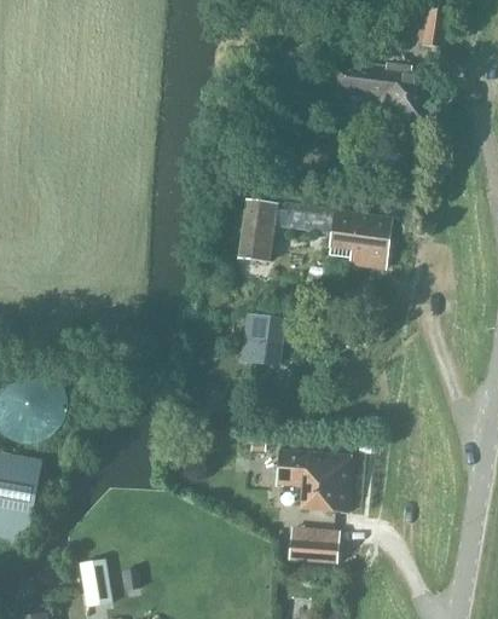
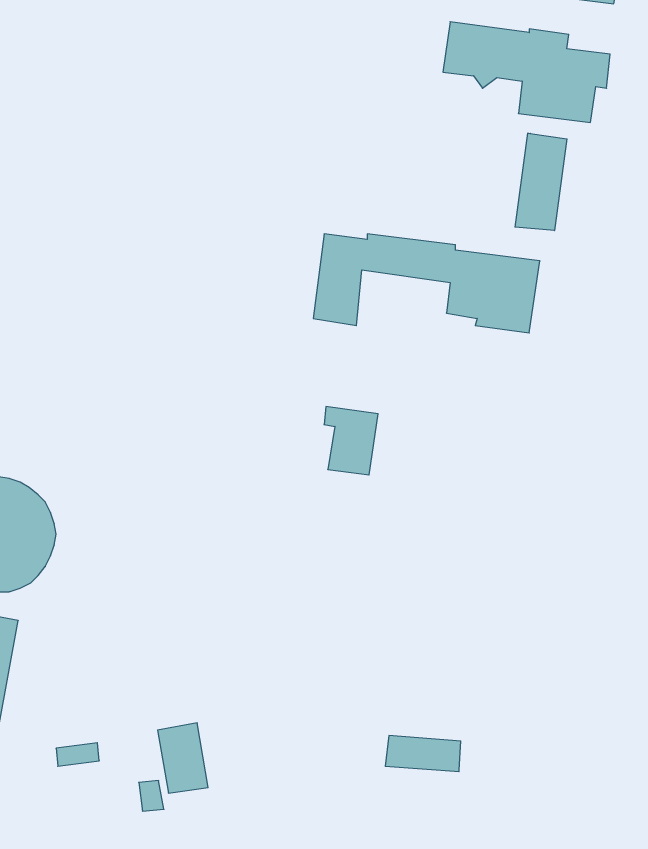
building: none -> [515,133,567,231]
building: [276,447,351,511] -> none
building: [79,557,112,604] -> [158,723,208,793]

